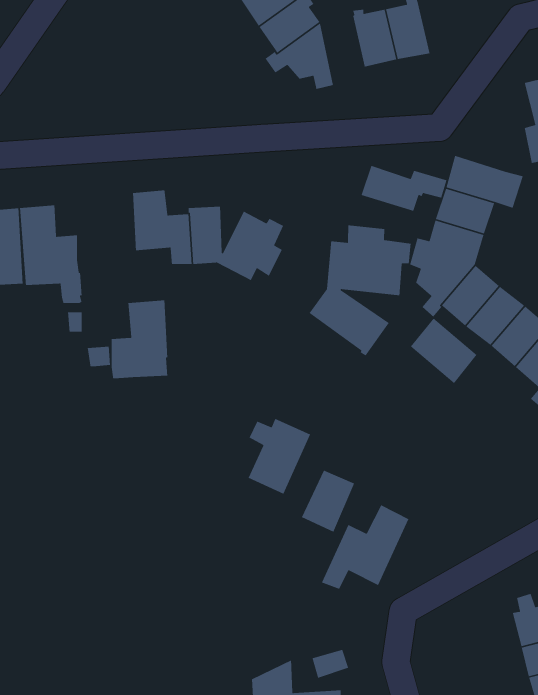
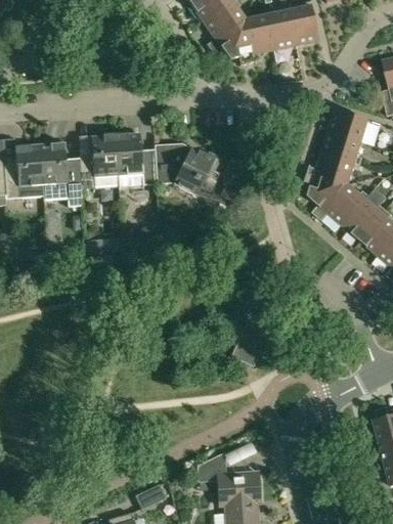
building: none -> [244,12,273,60]
building: [360,165,447,212] -> none
building: [308,224,412,357] -> none
building: [111,299,168,379] -> [79,133,118,187]
building: [410,317,478,384] -> none
building: [247,418,311,495] -> none
building: [321,504,409,590] -> none

